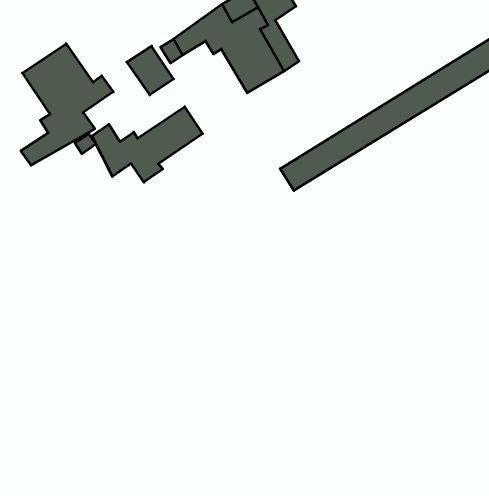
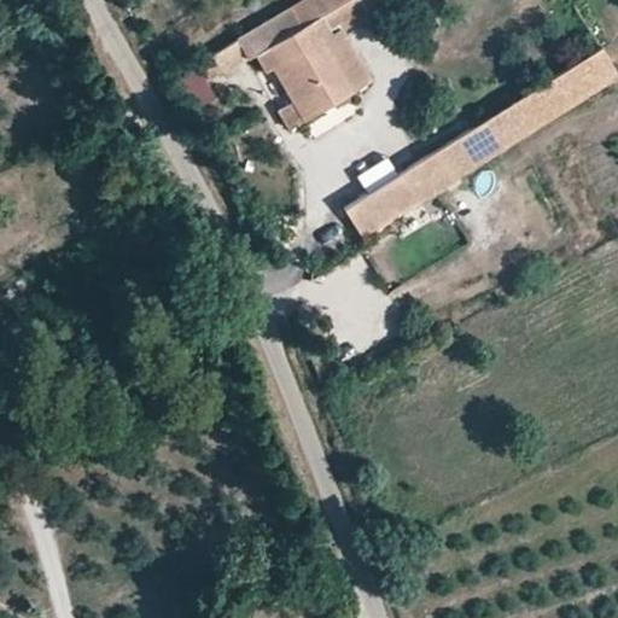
building: [21,44,113,165] -> none
building: [92,107,203,182] -> none

